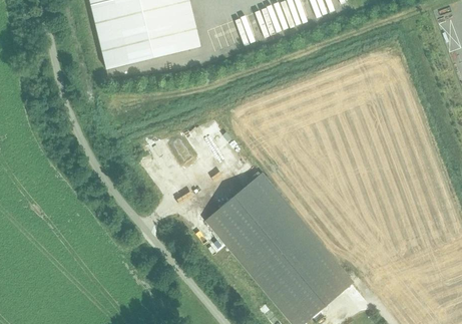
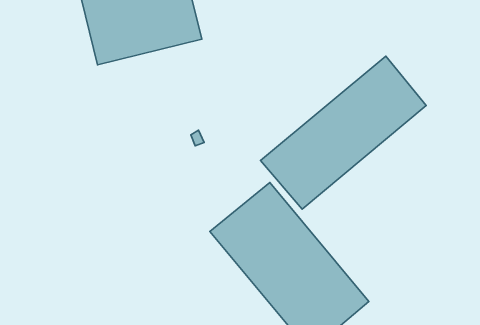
building: none -> [260,56,426,209]

